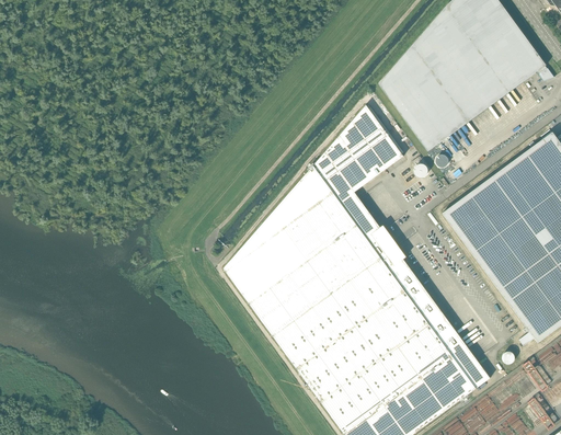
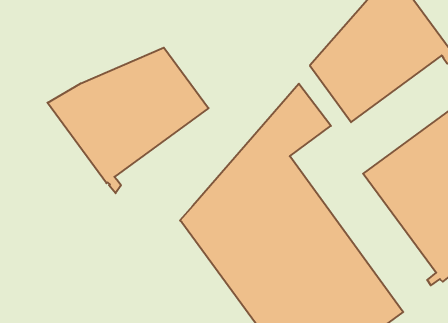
building: none -> [47,48,209,193]

